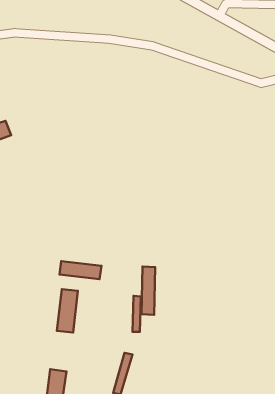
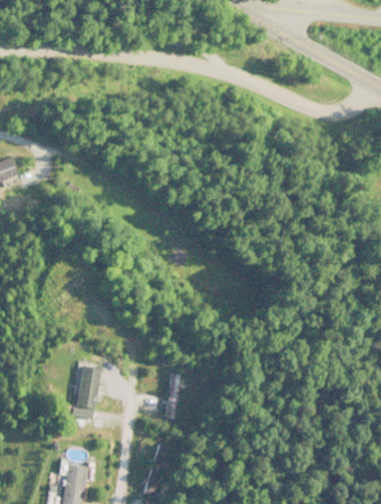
building: [59,261,101,279] -> none
building: [142,267,155,315] -> none

